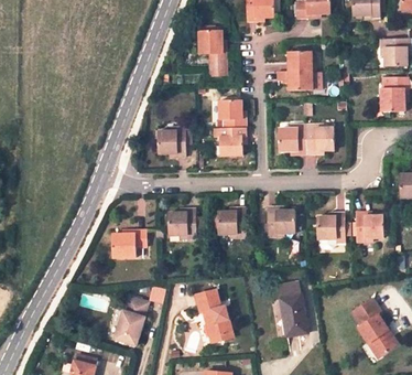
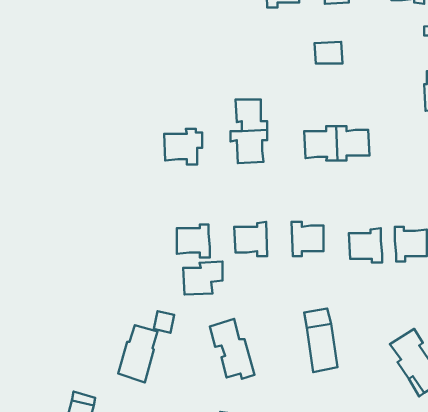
building: [198,31,226,76] -> none
building: [277,71,311,90] -> none
building: [111,229,145,258] -> [183,261,223,295]

